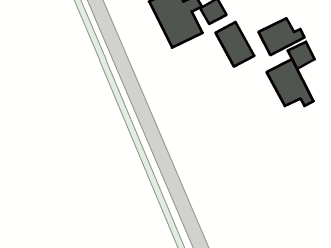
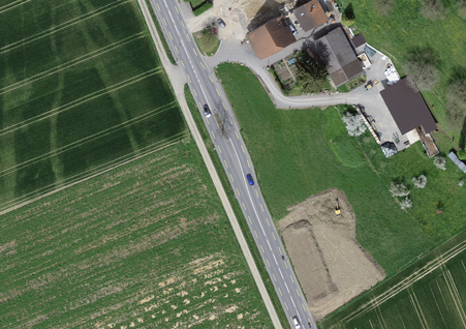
building: [259,18,304,55] -> none
building: [288,42,315,69] -> none

